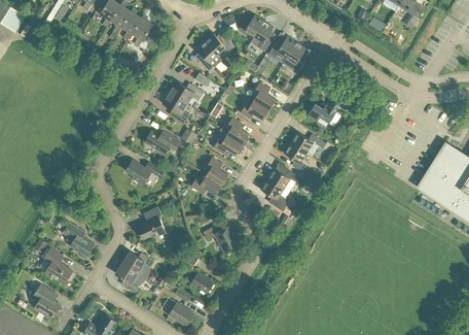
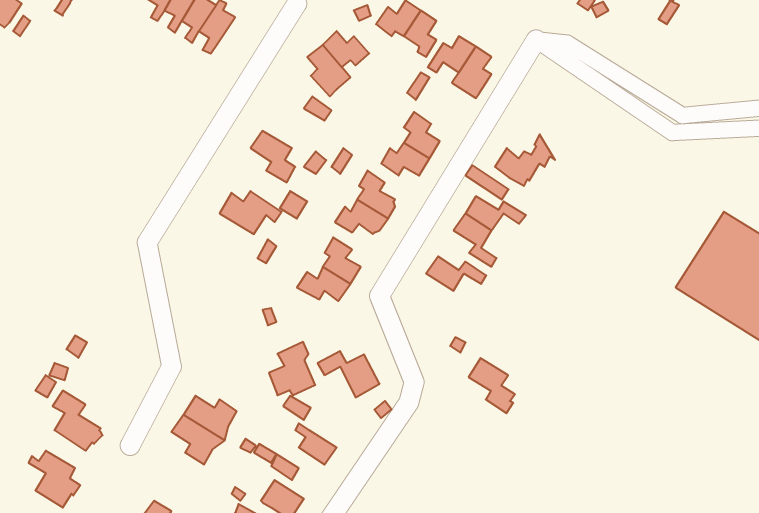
building: [170,81,204,103] -> none
building: [125,160,160,185] -> none
building: [260,178,288,211] -> [469,358,515,413]
building: [138,206,166,238] -> [269,342,315,395]
building: [63,223,95,257] -> none

